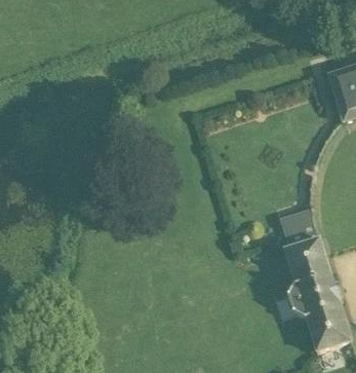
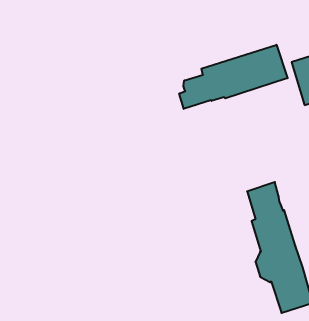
building: none -> [179,45,288,109]

